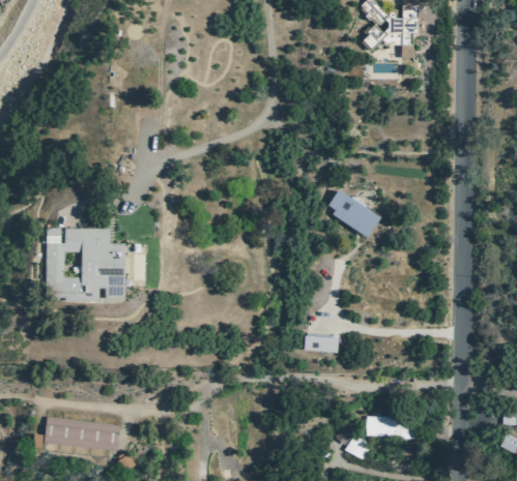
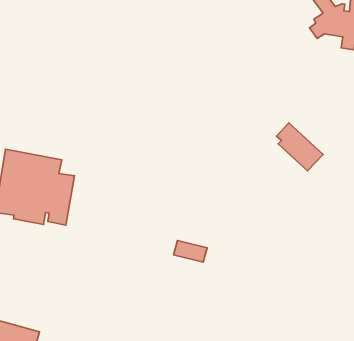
building: [331,190,385,240] -> [276,123,323,171]
building: [307,336,343,356] -> [173,240,207,262]

